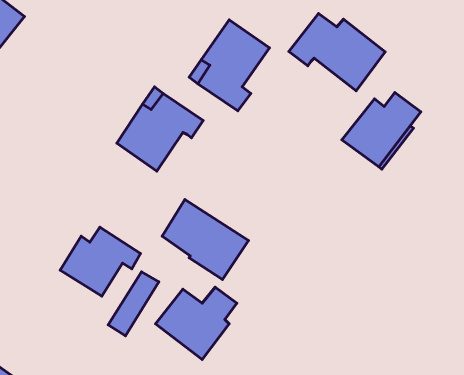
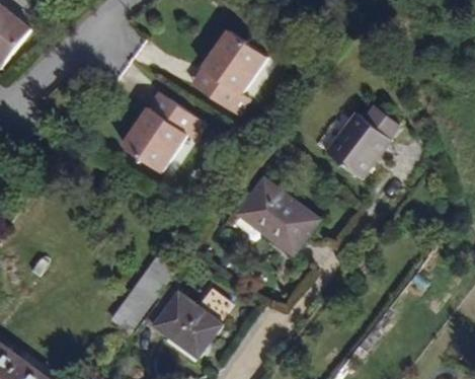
building: [289,13,385,91] -> none
building: [162,200,249,280] -> [247,170,328,245]
building: [60,227,141,296] -> none

